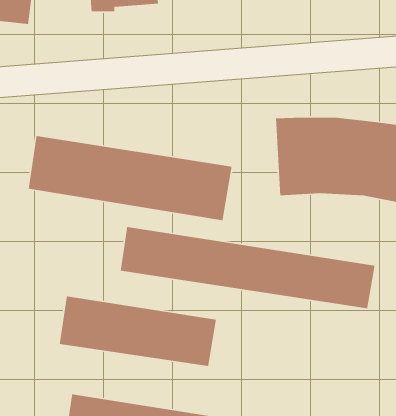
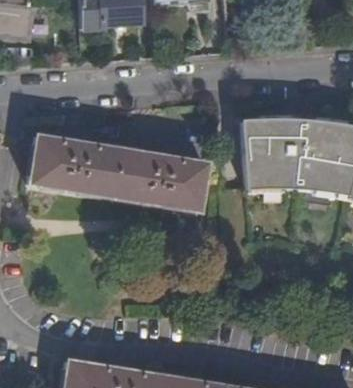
building: [120,226,375,309] -> none
building: [59,296,217,367] -> none

